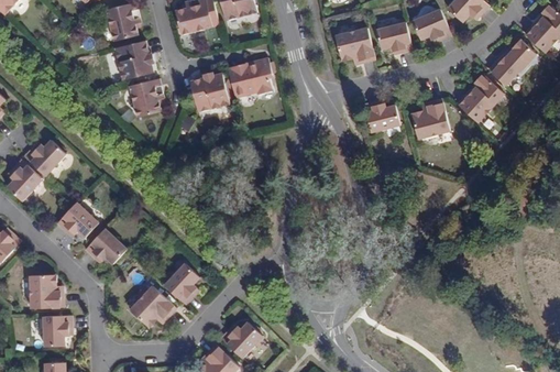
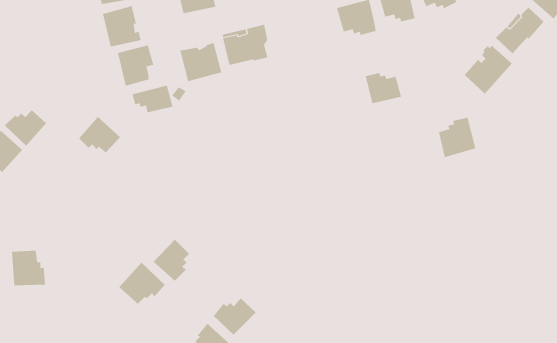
building: [413,98,449,136] -> [438,117,476,158]
building: none -> [132,85,173,113]
building: [56,199,97,234] -> [78,116,121,153]
building: [84,225,125,261] -> none
building: [42,313,70,343] -> none

